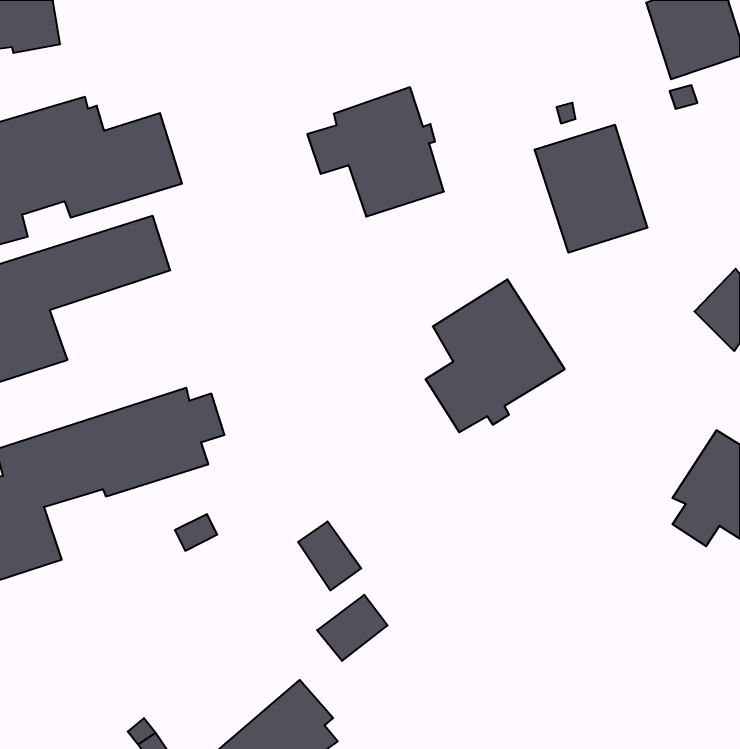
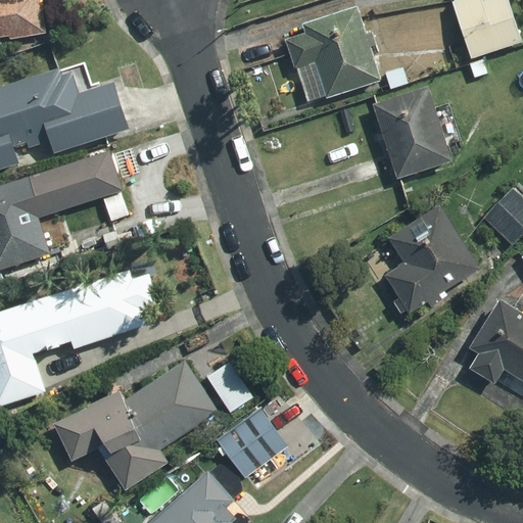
building: [307,87,444,217] -> [286,6,381,96]
building: [425,279,565,432] -> [384,205,481,312]
building: none -> [54,362,218,488]

